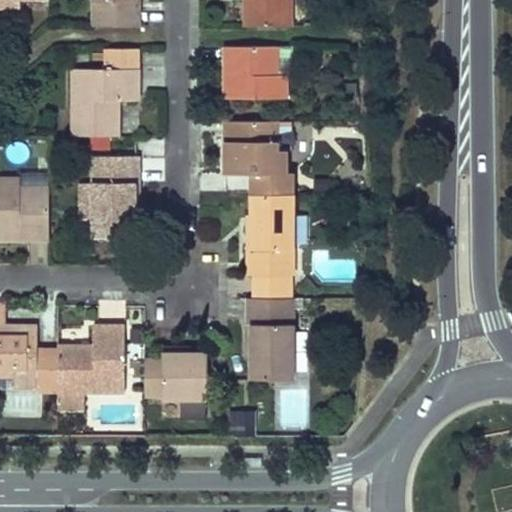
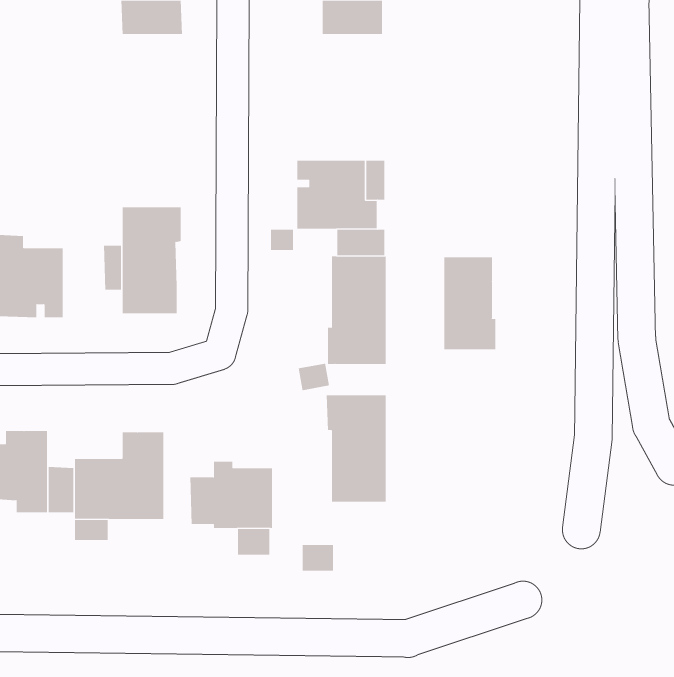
building: [223,46,285,98] -> none
building: [71,48,138,135] -> none
building: none -> [444,257,496,350]
building: [253,275,292,298] -> none

